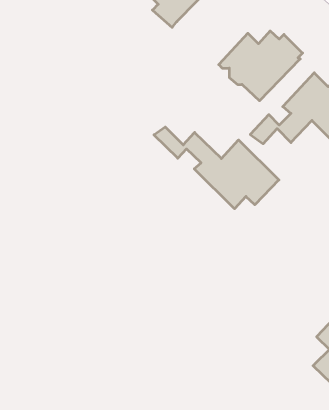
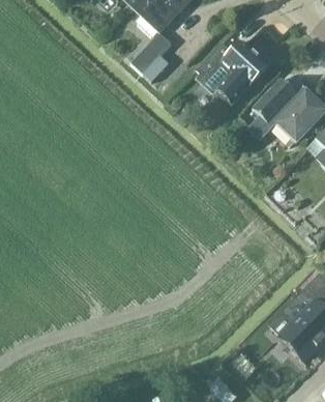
building: none -> [131,33,172,74]
building: [154,127,279,209] -> none

